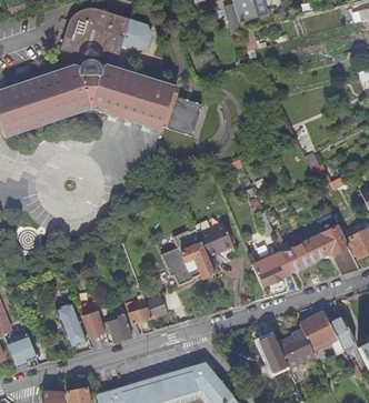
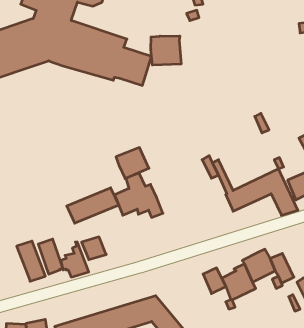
building: none -> [151,36,181,65]
building: [197,223,232,256] -> [116,148,149,179]
building: none -> [67,188,119,223]
building: [251,251,290,286] -> none

